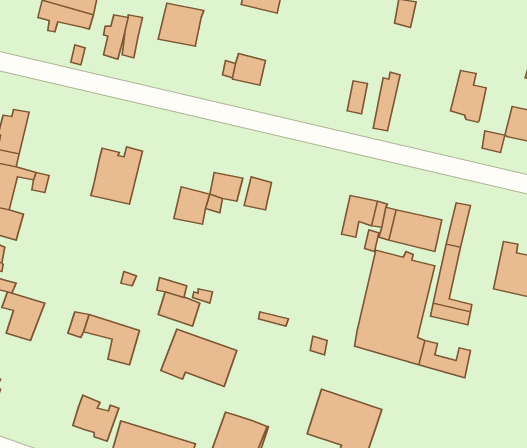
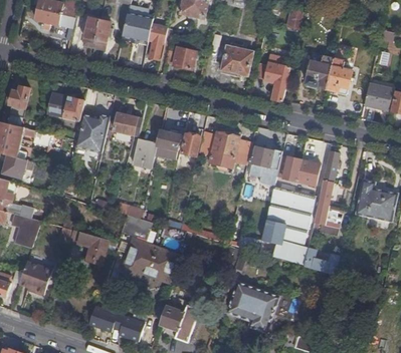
building: none -> [147,22,167,60]
building: none -> [220,45,252,78]
building: none -> [305,54,333,88]
building: none -> [47,93,84,120]
building: none -> [114,113,142,135]
building: none -> [209,129,240,167]
building: [73,395,119,441] -> [19,263,51,295]

